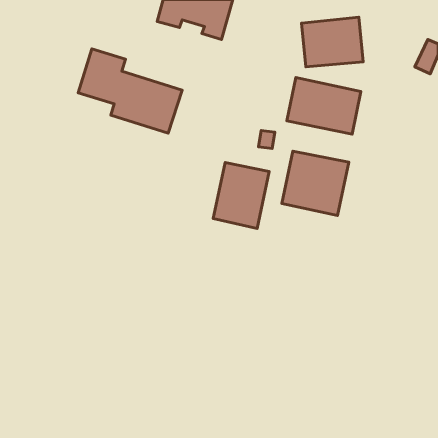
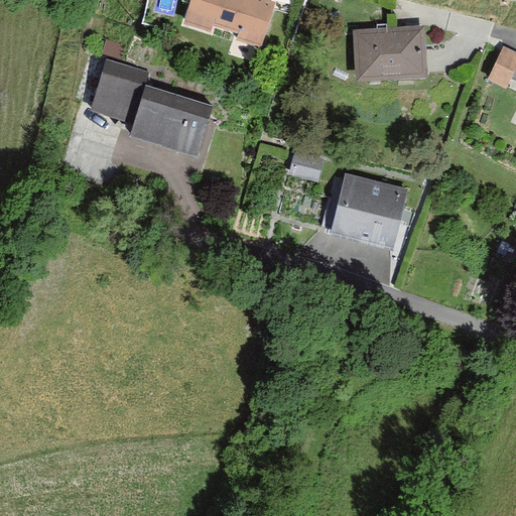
building: [287,77,361,134] -> none
building: [213,163,269,228] -> none

